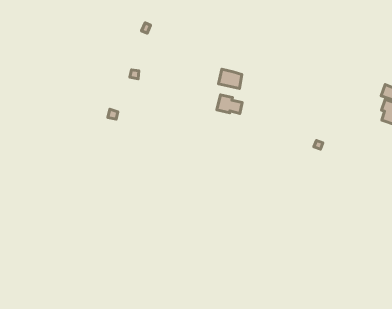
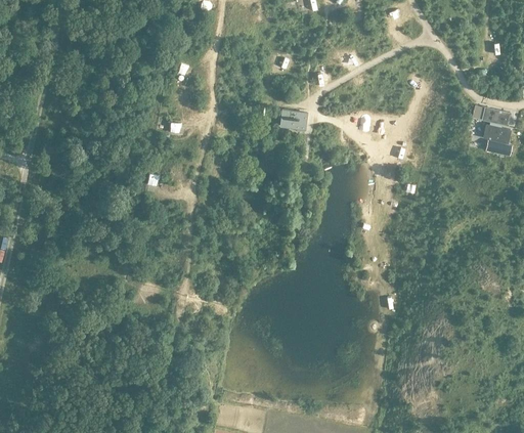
building: [217,95,242,113] -> none

